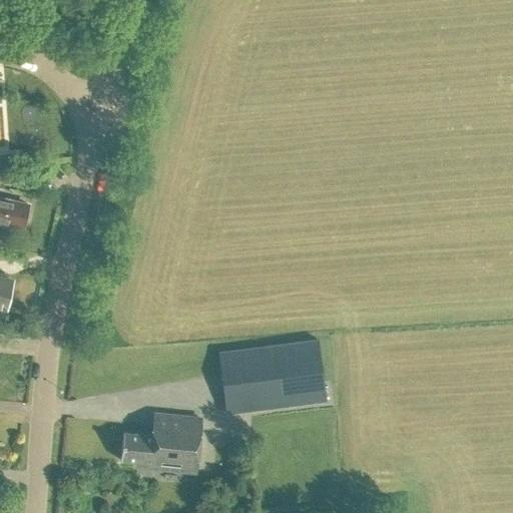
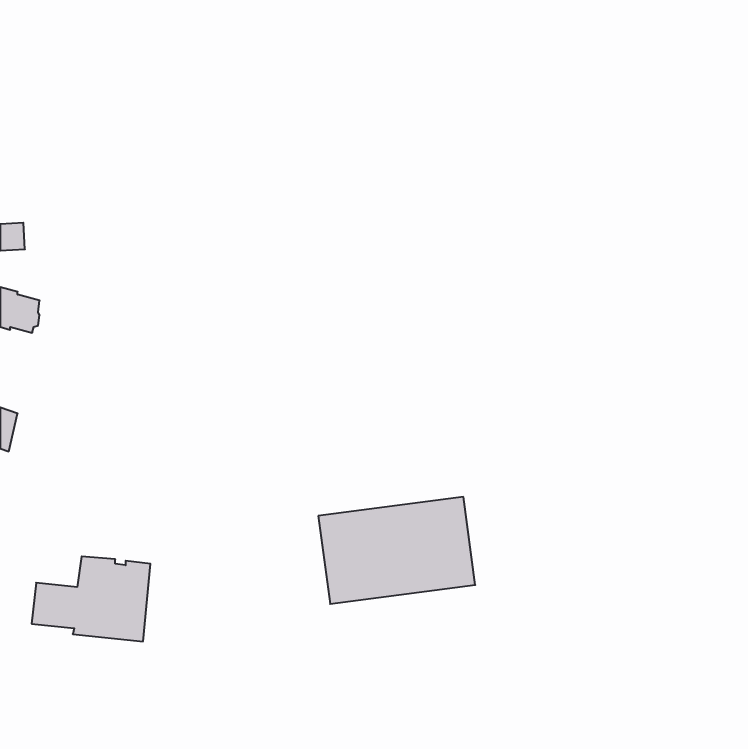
building: [120,414,201,472] -> [32,556,150,641]

